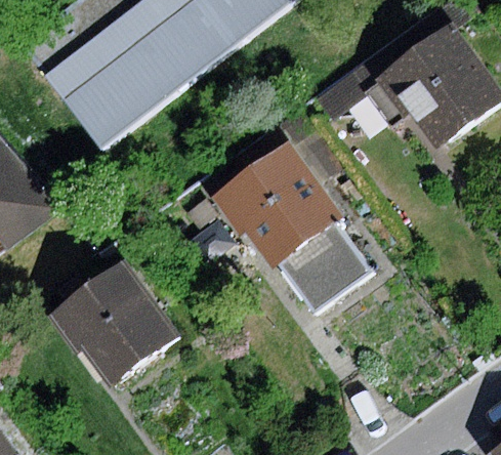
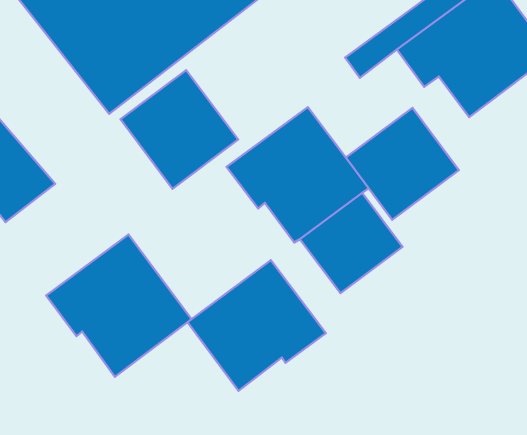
building: none -> [121,70,238,189]
building: none -> [346,108,459,220]
building: none -> [188,260,326,391]

